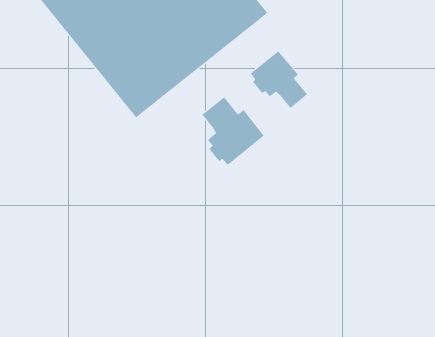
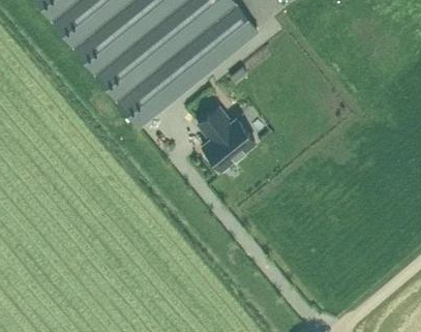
building: [250,50,308,109] -> none

